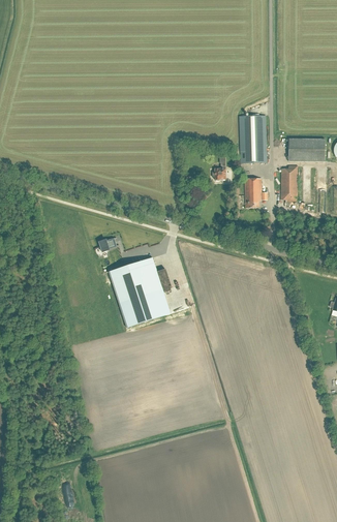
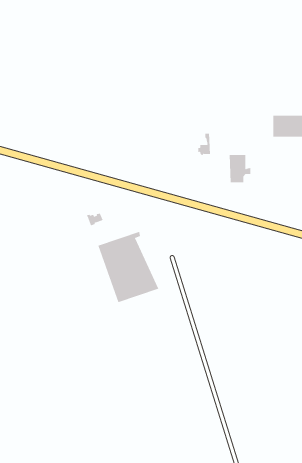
building: [240,115,268,162] -> none
building: [281,164,298,202] -> none

